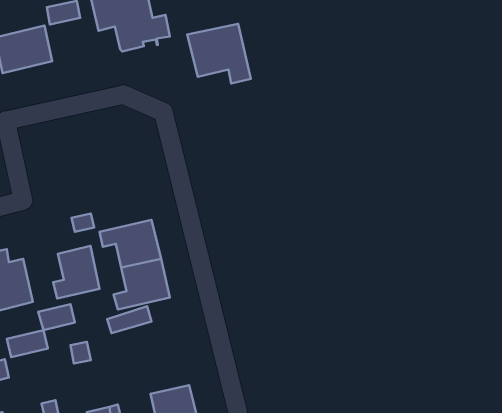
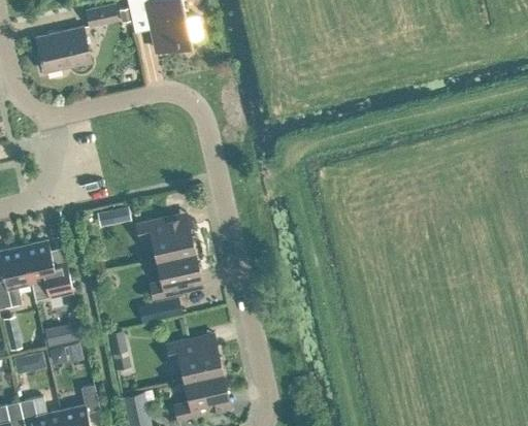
building: [187,24,251,84] -> none
building: [53,246,100,299] -> none
building: [38,304,75,330] -> [51,338,86,363]
building: none -> [165,334,220,380]

